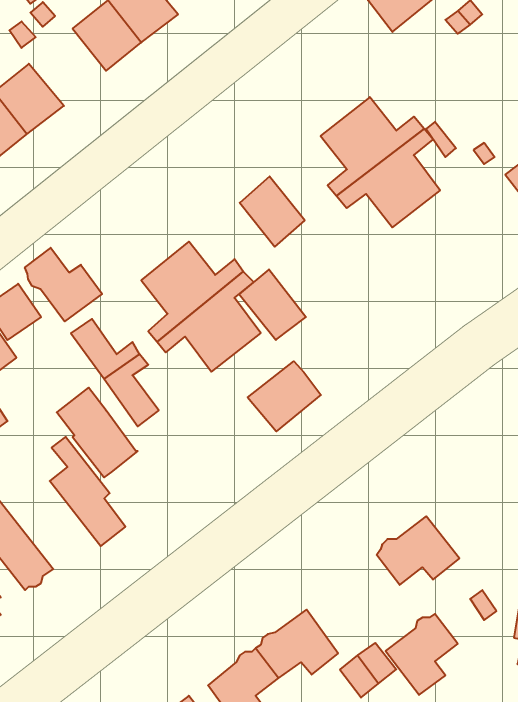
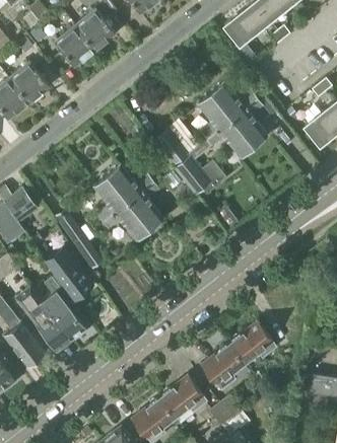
building: [25,248,102,321] -> none
building: [239,269,306,340] -> [173,156,211,197]
building: [248,361,321,431] -> none
building: none -> [17,293,70,352]
building: [386,614,458,695] -> [201,346,243,392]

